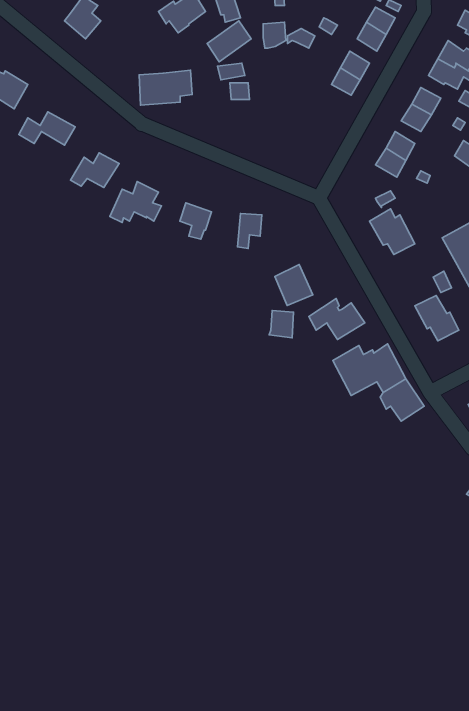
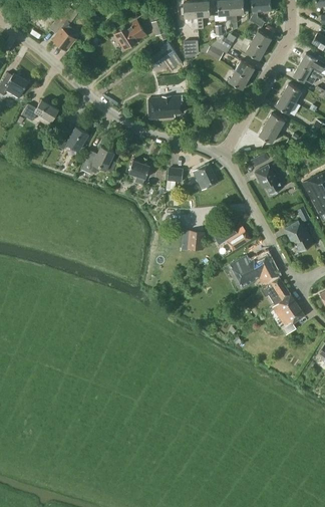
building: [139,70,192,105] -> [147,95,183,118]
building: [275,264,313,305] -> [193,163,218,190]
building: none -> [272,294,304,333]

